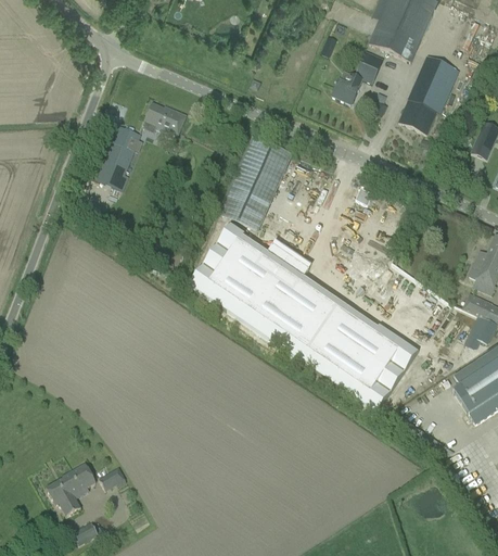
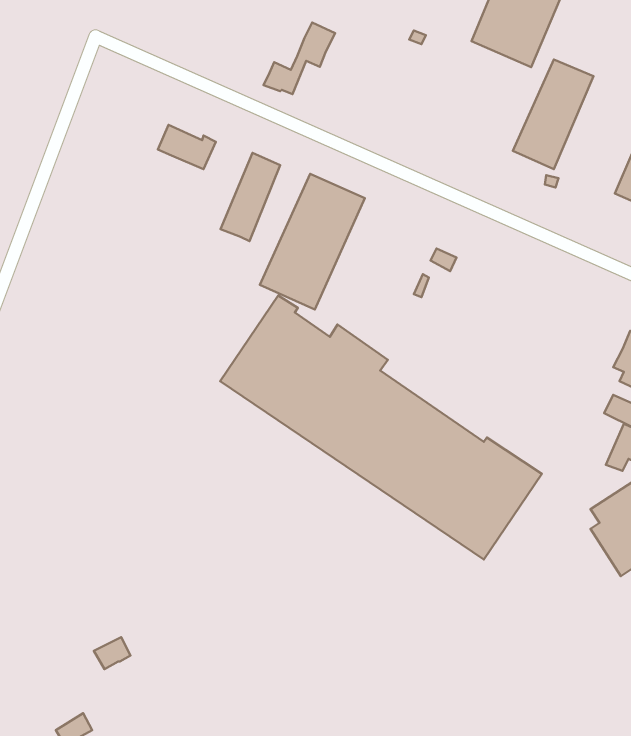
building: [333,50,384,101] -> [264,23,335,94]
building: [99,124,141,187] -> [221,153,280,241]
building: [48,462,98,514] -> none

